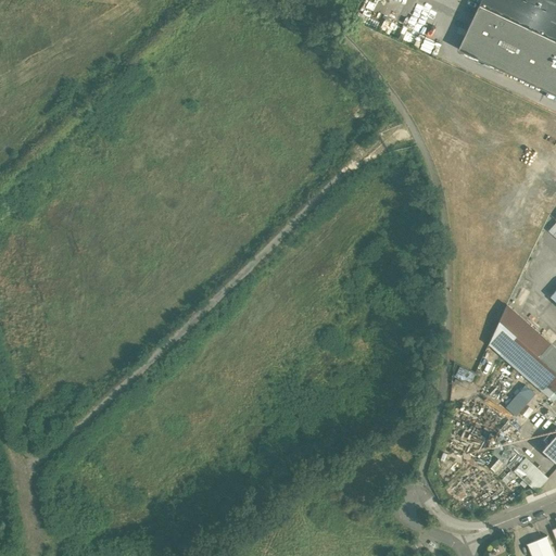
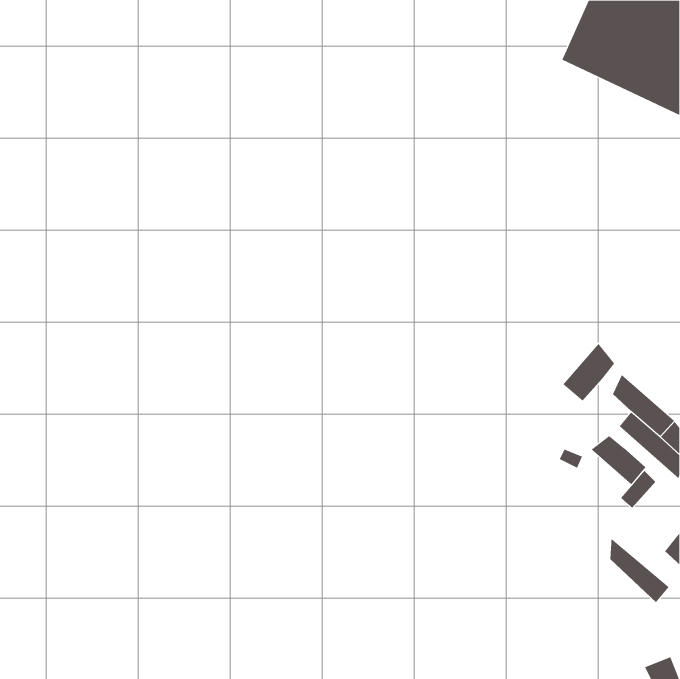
building: none -> [562,343,615,402]
building: none -> [590,435,646,485]

